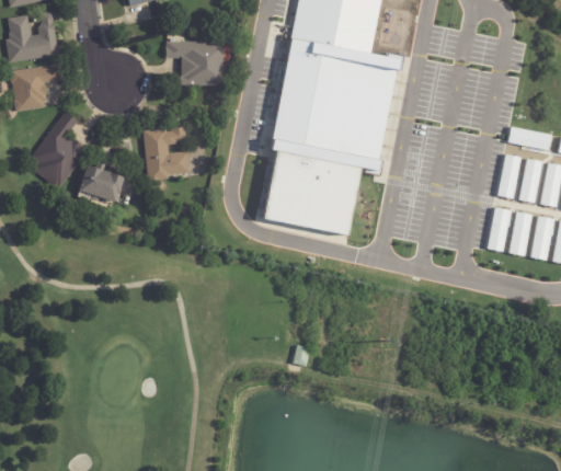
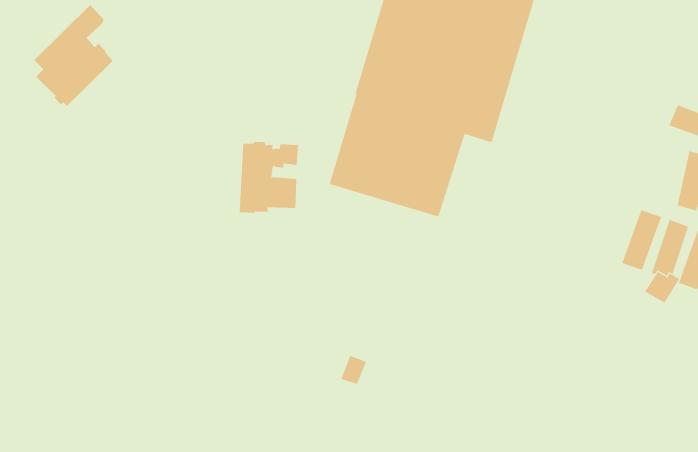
building: [146,126,192,182] -> [239,142,299,213]
building: [497,153,517,197] -> none
building: [83,162,129,204] -> none

